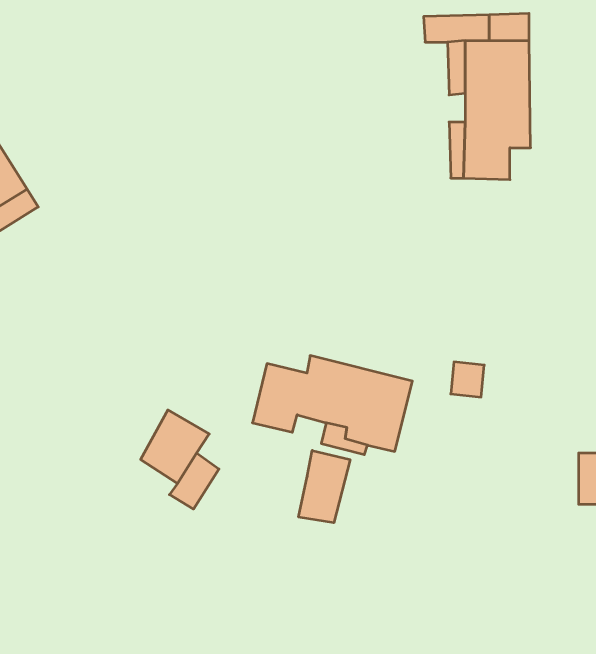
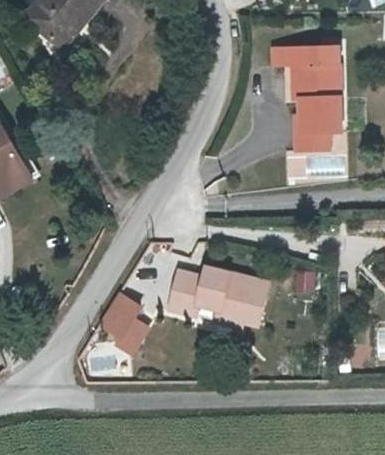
building: [299,450,350,523] -> none

